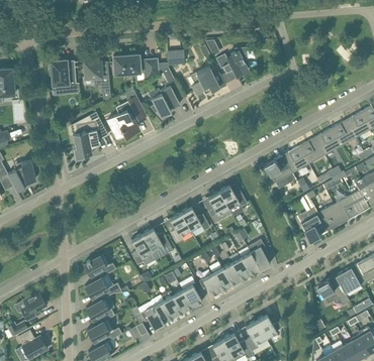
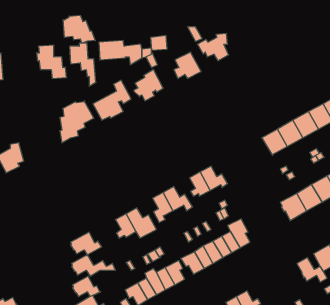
building: none -> [63,15,95,43]
building: [266,155,297,189] -> none
building: [20,291,46,321] -> none

